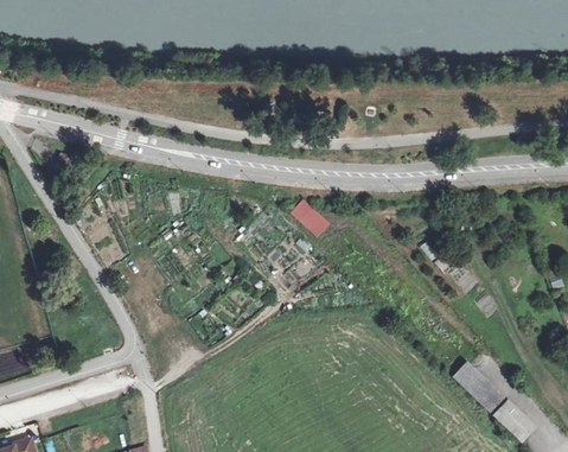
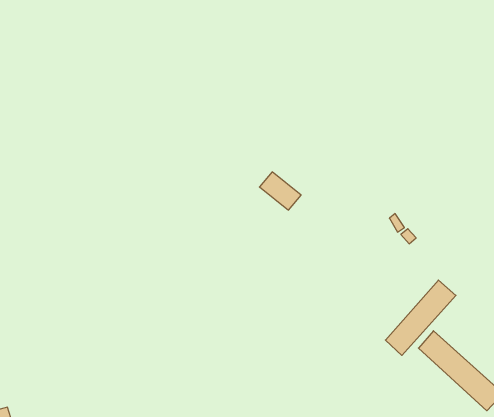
building: none -> [385,280,456,355]

